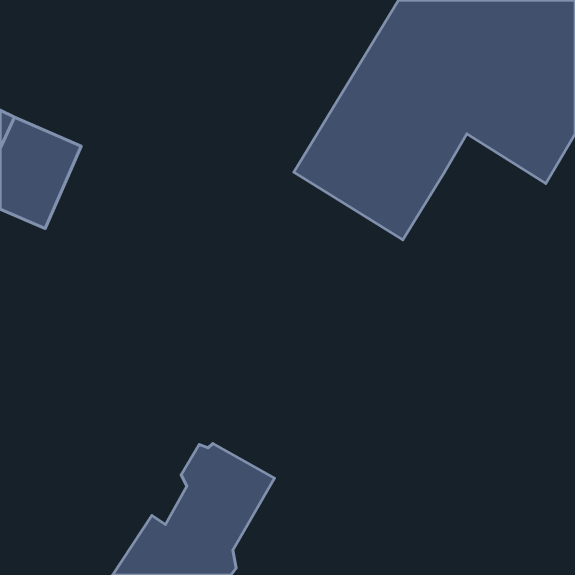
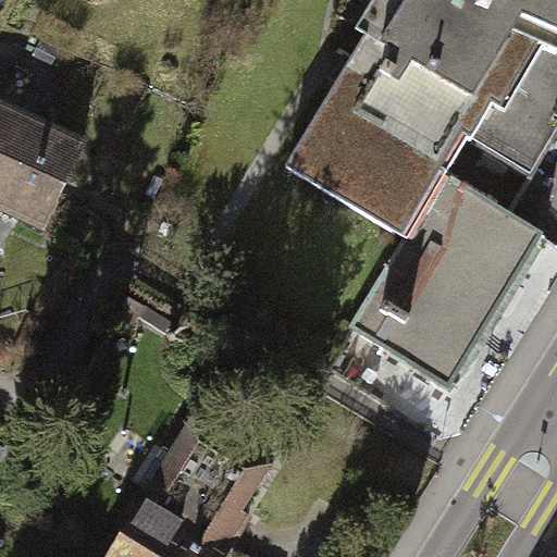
building: none -> [348,166,541,386]

